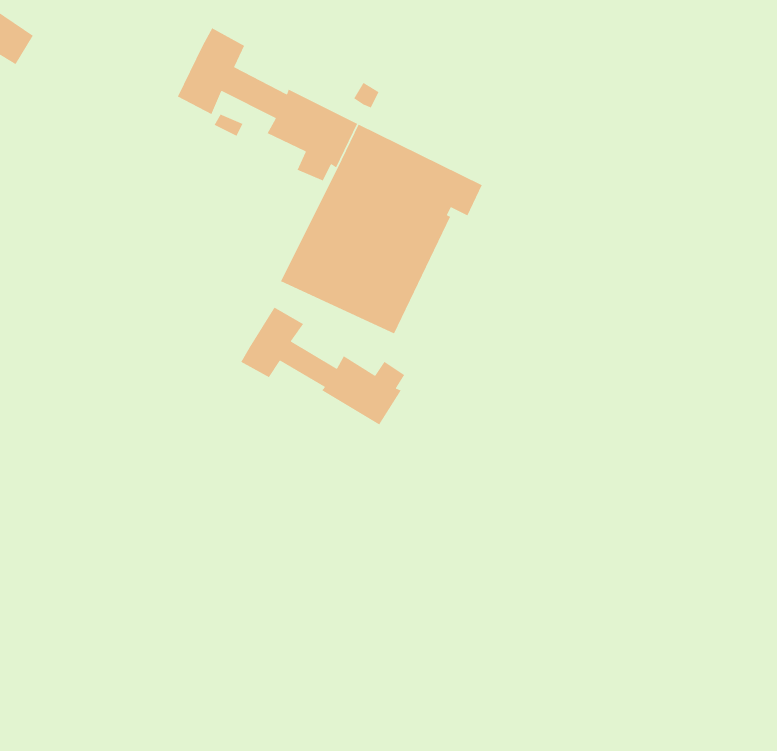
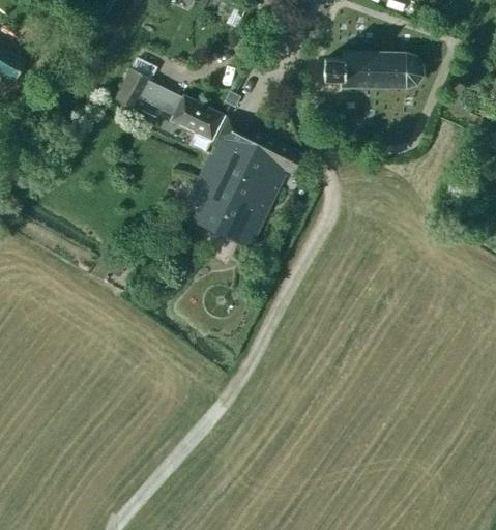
building: none -> [324,52,421,89]
building: [240,307,405,426] -> none

